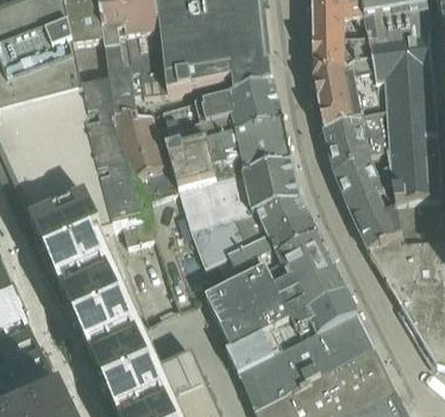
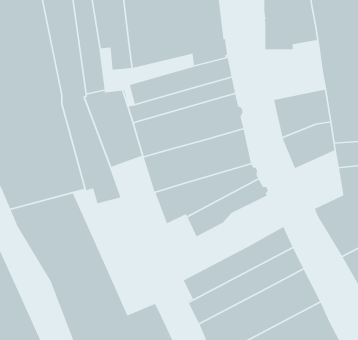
building: [313,58,381,124] -> none
building: [346,181,400,245] -> none
building: [206,230,334,324] -> none

